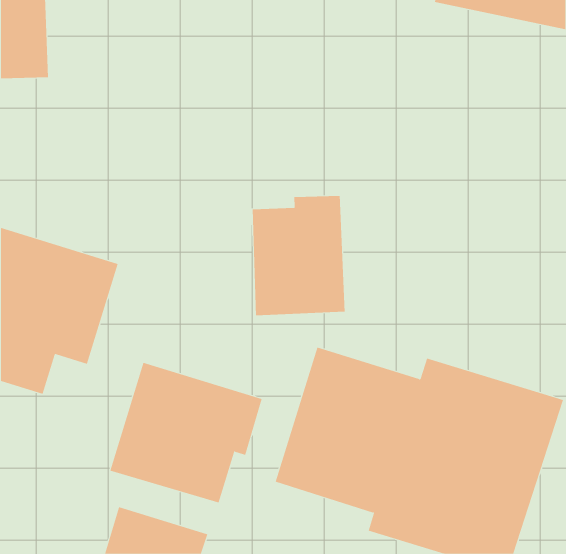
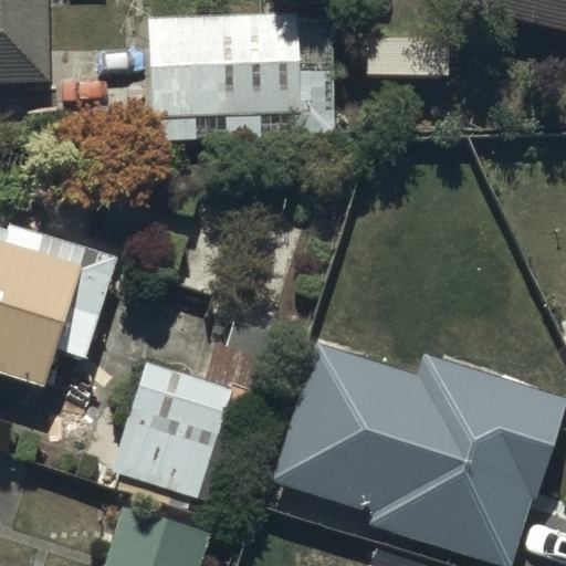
building: none -> [146,4,334,136]
building: [252,195,345,316] -> none

